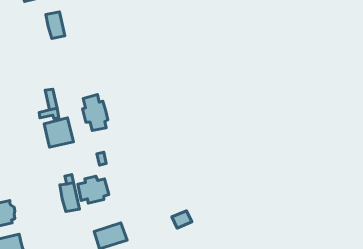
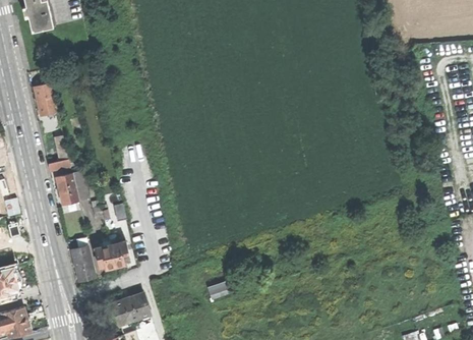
building: [46,12,65,39] -> [35,82,57,114]
building: [82,95,108,131] -> none

